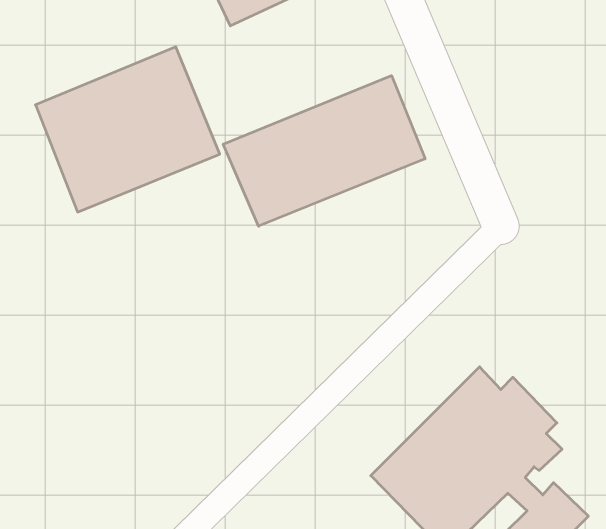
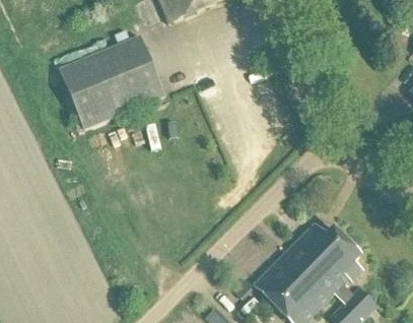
building: [223,76,425,226] -> none

